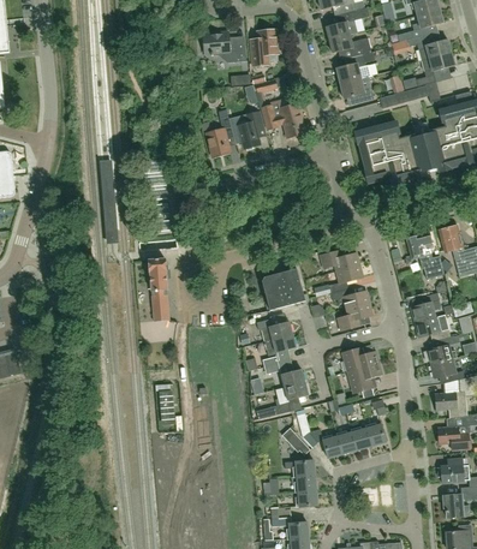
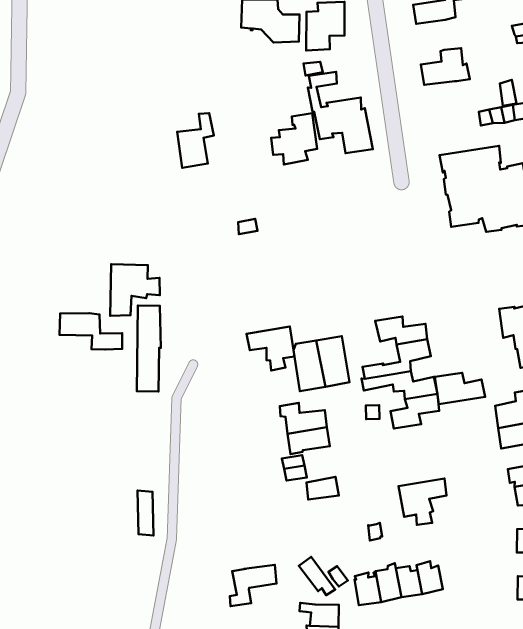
building: [329,35,371,56] -> none
building: [339,78,374,103] -> none
building: [207,117,233,157] -> [177,113,214,168]
building: none -> [110,264,160,316]
building: none -> [246,327,294,371]
building: none -> [60,313,122,349]
building: [342,347,380,371] -> [435,373,485,404]
building: [275,382,308,414] -> [230,565,276,606]

